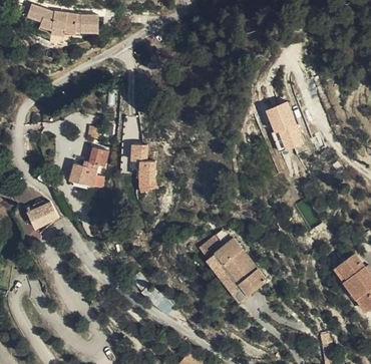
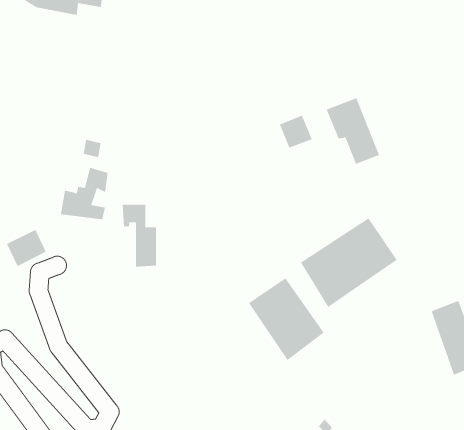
building: none -> [279,115,312,149]
building: [130,143,156,191] -> [122,204,157,267]
building: none -> [300,218,397,308]

